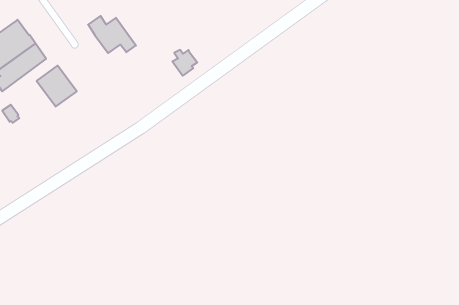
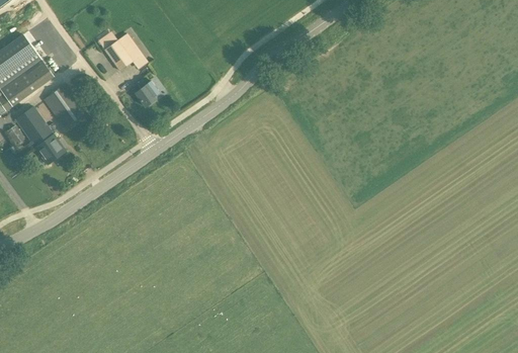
building: [172,50,197,76] -> [134,79,160,106]
building: none -> [14,105,65,164]

